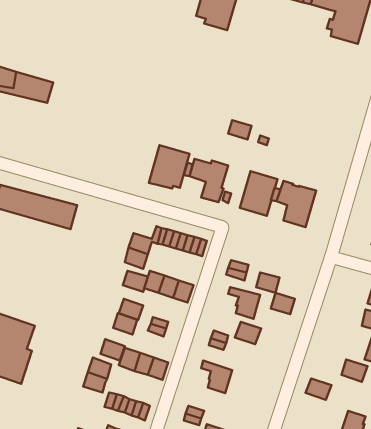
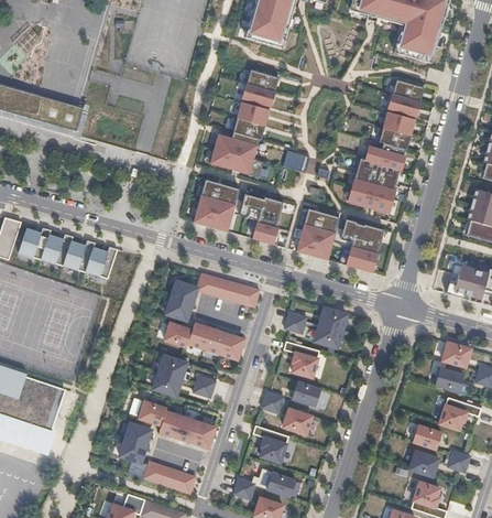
building: none -> [210,69,277,177]
building: none -> [347,80,424,214]
building: [271,293,295,314] -> [318,306,346,331]
building: none -> [280,408,310,434]
building: [305,379,331,400] -> [408,452,438,476]
building: none -> [265,473,295,498]

